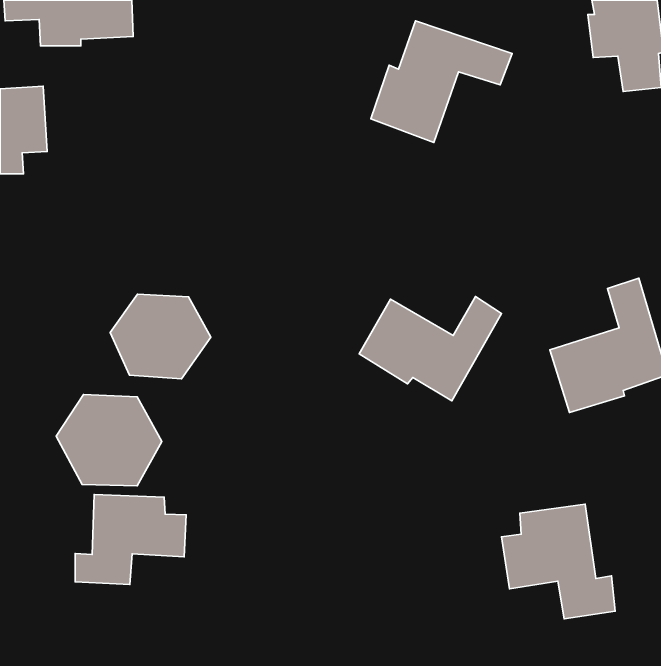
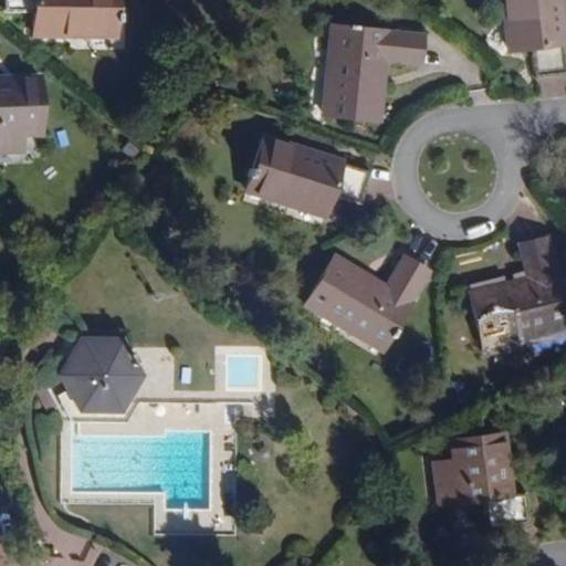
building: none -> [245,136,367,218]
building: [110,294,211,379] -> none
building: [75,494,186,585] -> none

